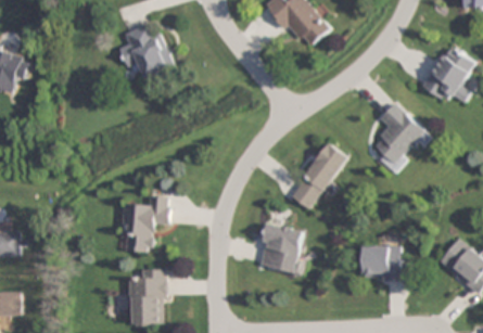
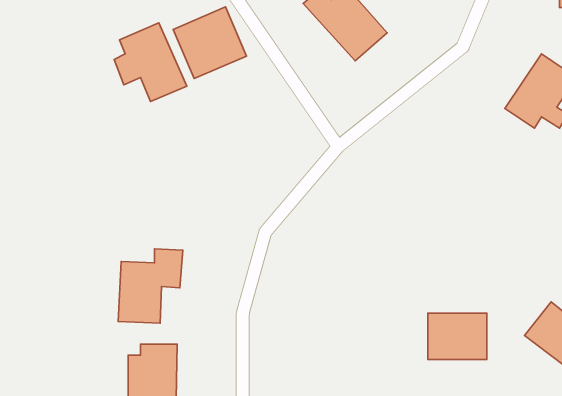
building: none -> [173,7,247,78]
building: [368,101,430,172] -> none
building: [288,141,348,209] -> none
building: [257,221,303,273] -> none

